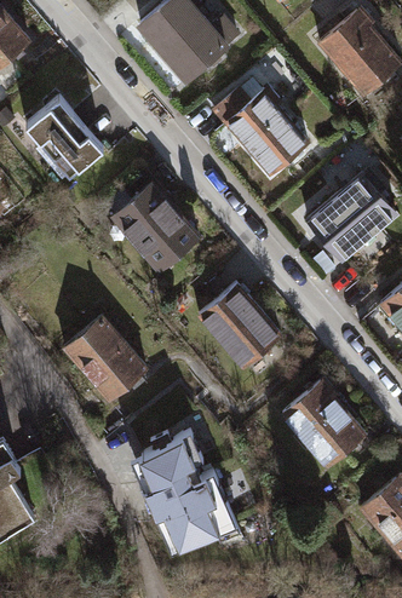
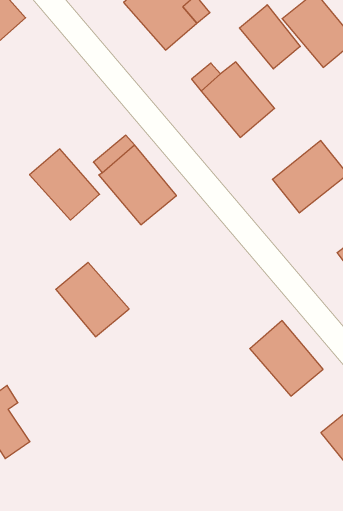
building: none -> [239,5,300,69]
building: [22,98,100,178] -> [30,149,100,220]
building: [197,282,281,368] -> none
building: [131,429,235,550] -> none

